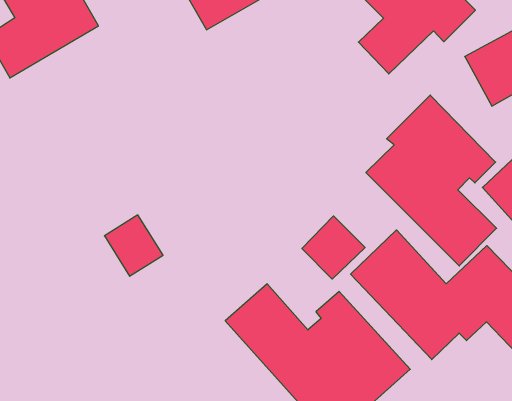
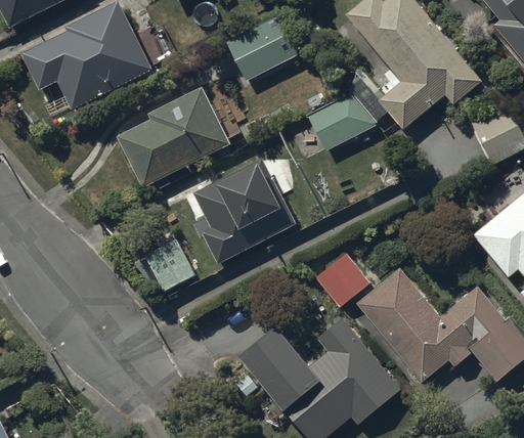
building: none -> [307,91,376,150]
building: none -> [117,86,229,187]
building: [366,95,497,266] -> none
building: none -> [191,157,295,264]

